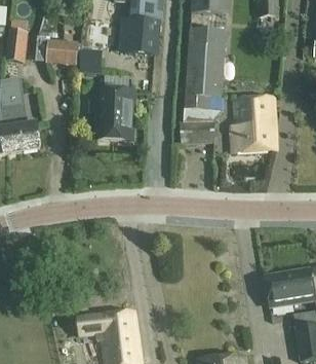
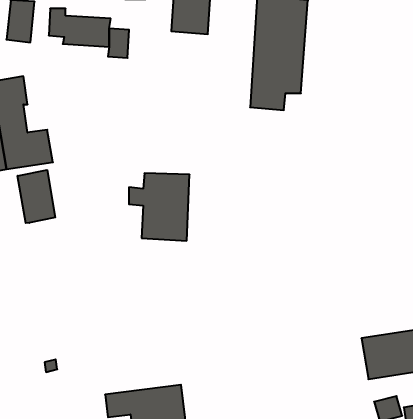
building: [89,89,133,139] -> [129,173,190,241]
building: [232,96,276,149] -> none
building: [181,120,215,143] -> none
building: none -> [18,170,55,223]

